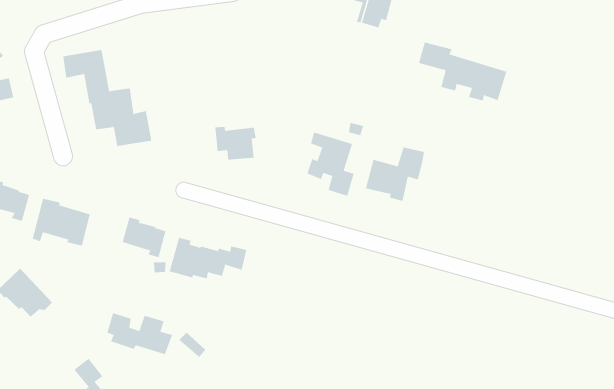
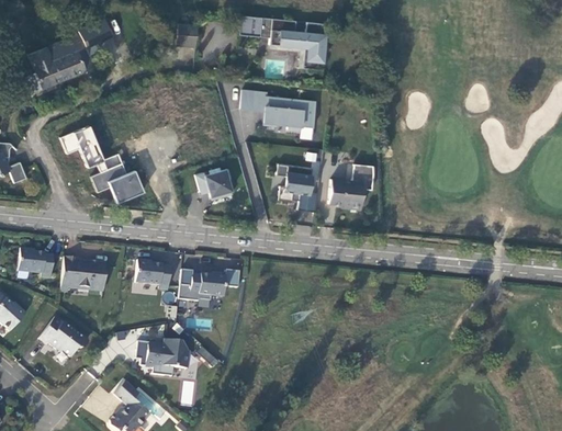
building: [418,42,507,101] -> [241,89,316,129]

